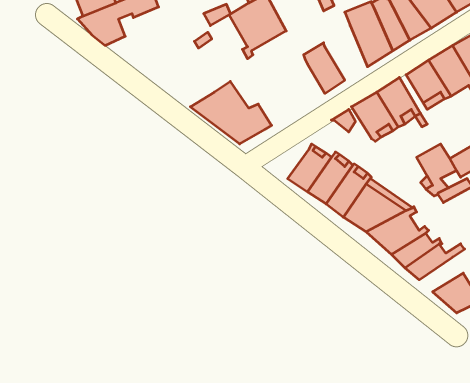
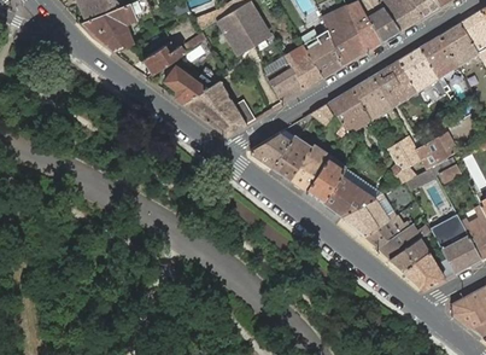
building: none -> [301,29,342,78]
building: none -> [145,41,185,72]
building: none -> [265,63,304,104]
building: none -> [164,68,204,103]
building: none -> [250,130,292,168]
building: none -> [390,239,429,270]

